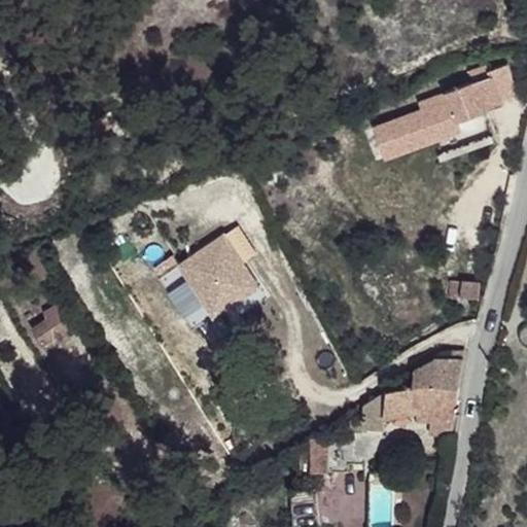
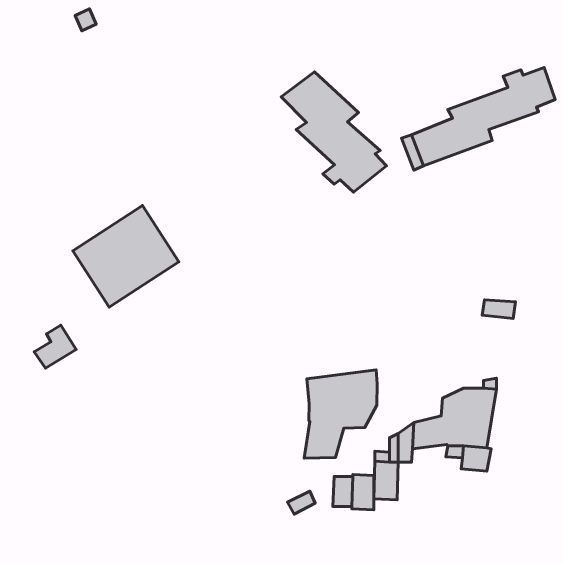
building: none -> [281,72,387,192]
building: [159,235,257,329] -> [73,206,179,307]
building: none -> [304,370,377,458]

